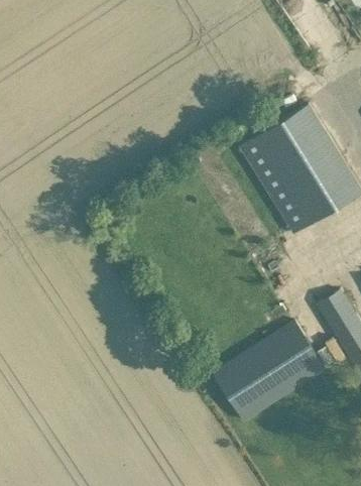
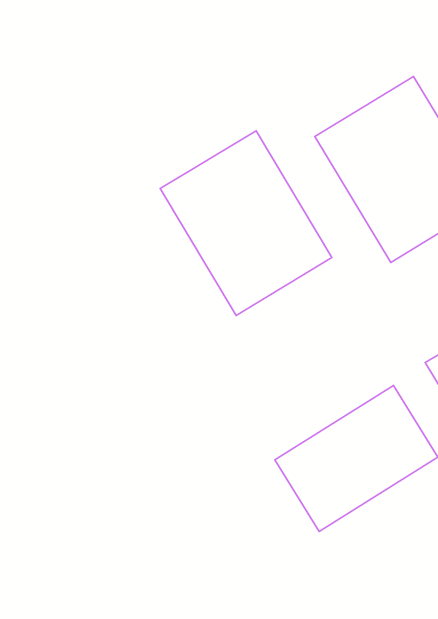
building: none -> [160,131,332,315]

